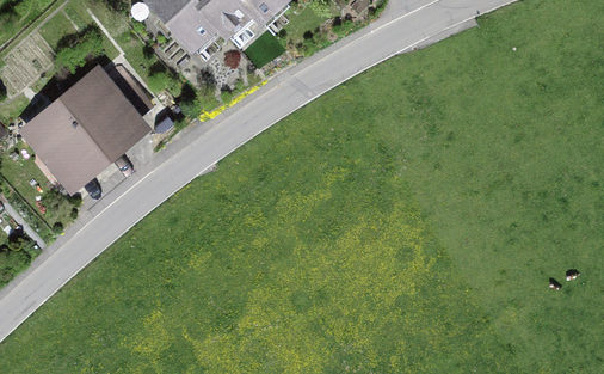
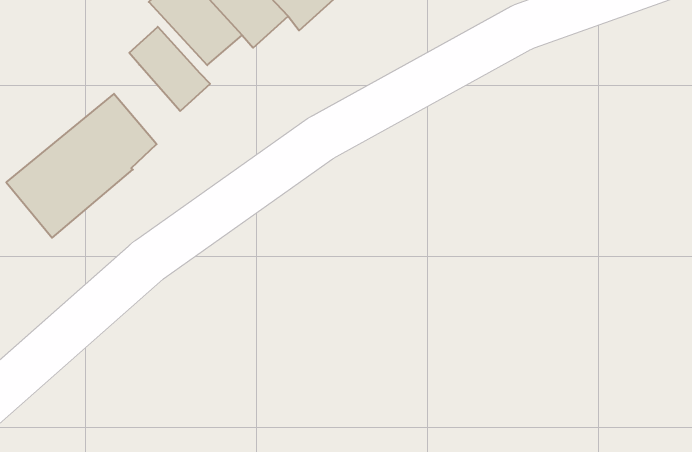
building: none -> [129,27,210,111]

